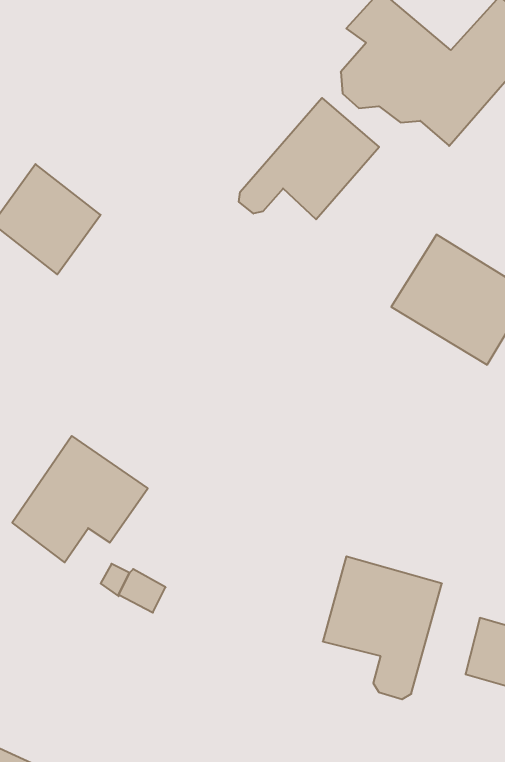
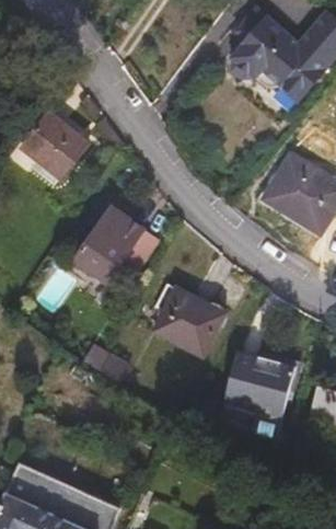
building: [239,98,379,219] -> none
building: [12,436,148,562] -> [74,206,157,283]
building: none -> [154,288,223,355]

